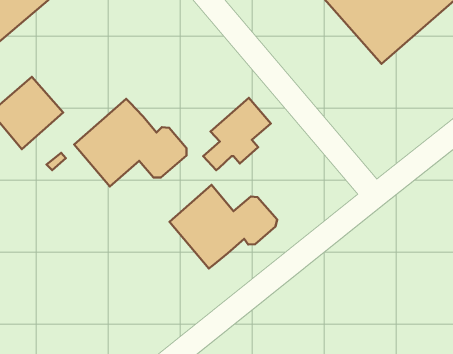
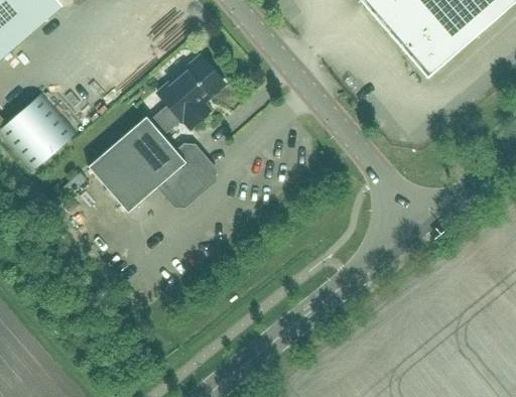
building: [203,98,271,170] -> [151,54,226,134]
building: [169,185,277,268] -> none

